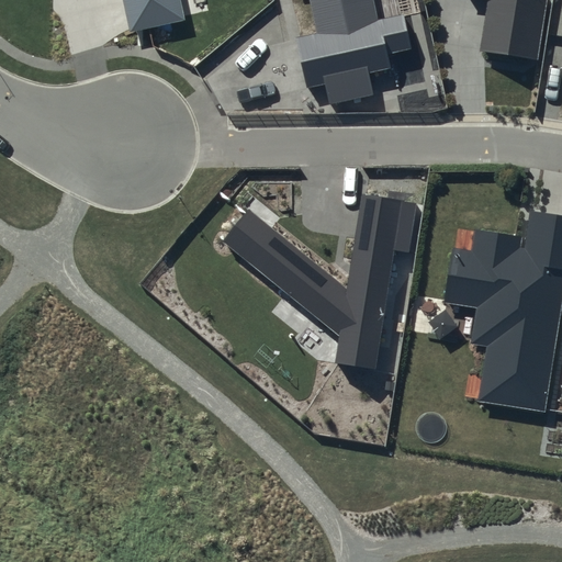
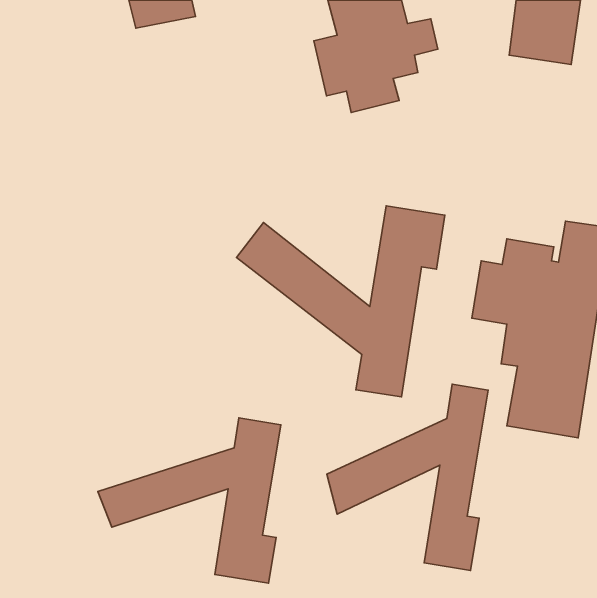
building: none -> [327,384,488,570]
building: none -> [98,418,281,583]

